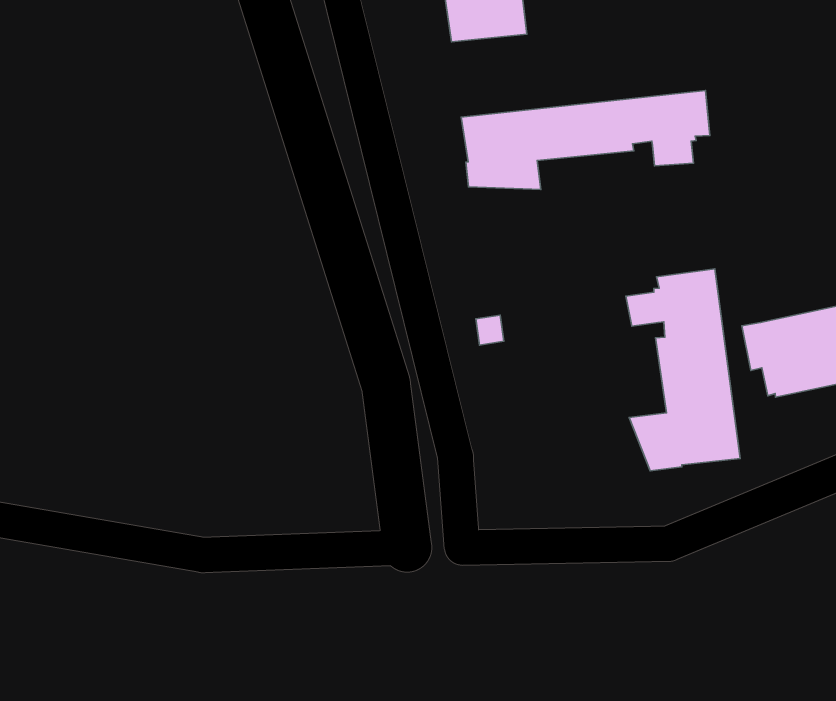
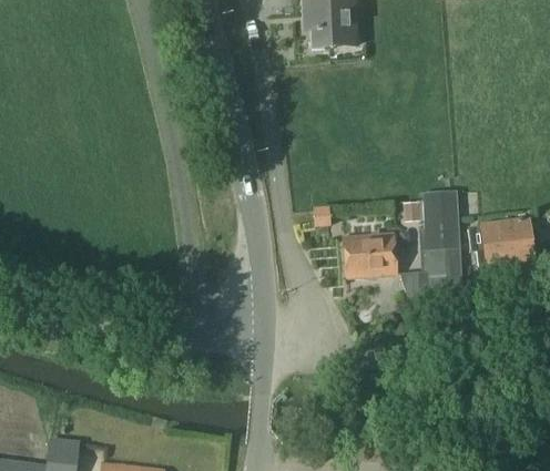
building: [461,91,710,190] -> none
building: none -> [344,231,403,278]

